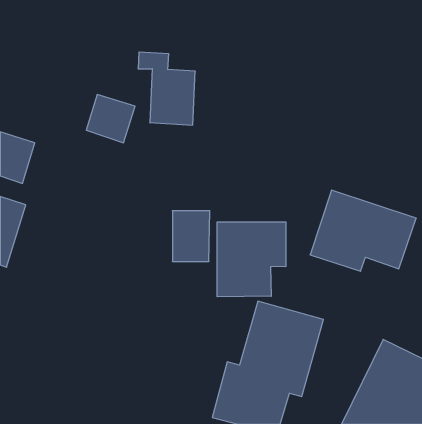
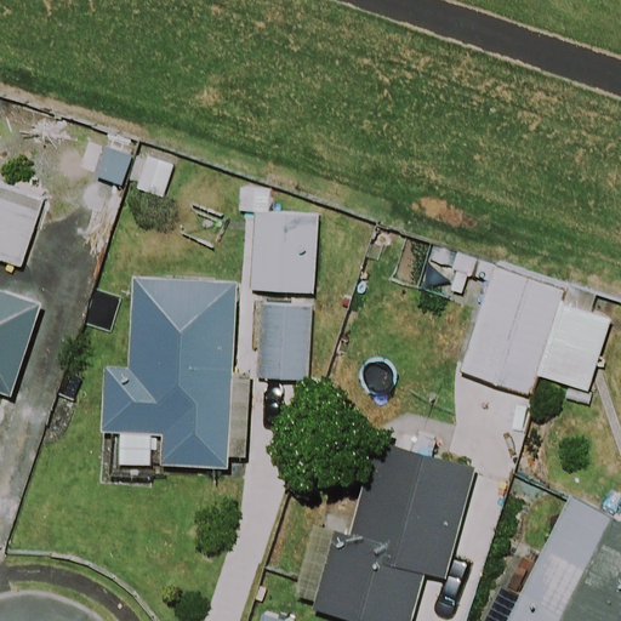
building: [138,52,195,125] -> [229,188,313,295]
building: none -> [120,277,247,469]
building: [217,222,286,297] -> none

